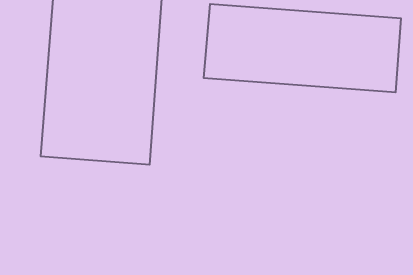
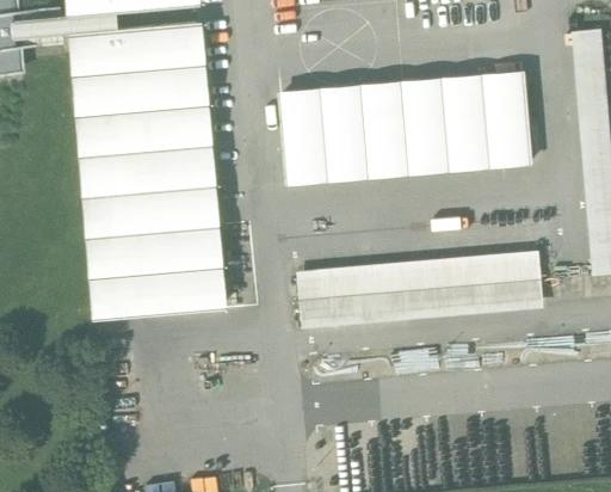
building: none -> [290,251,541,328]

